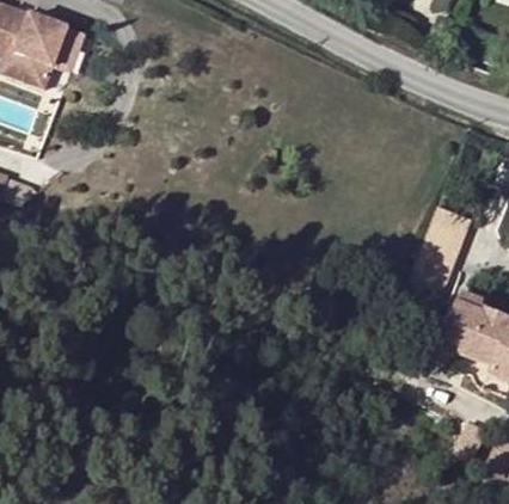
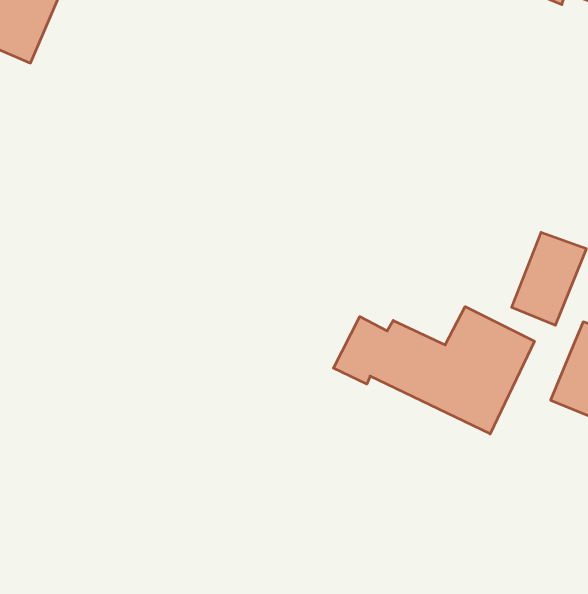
building: none -> [333,307,534,434]

